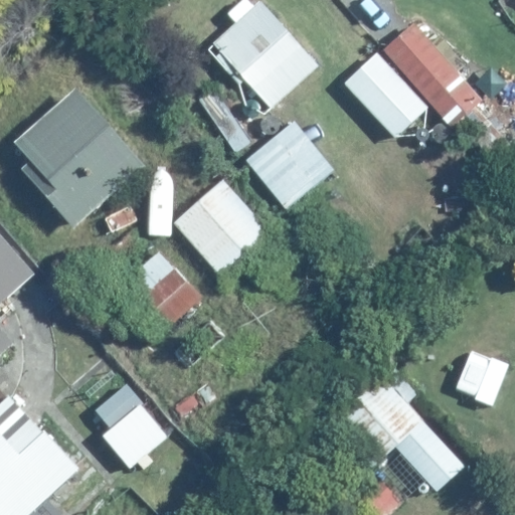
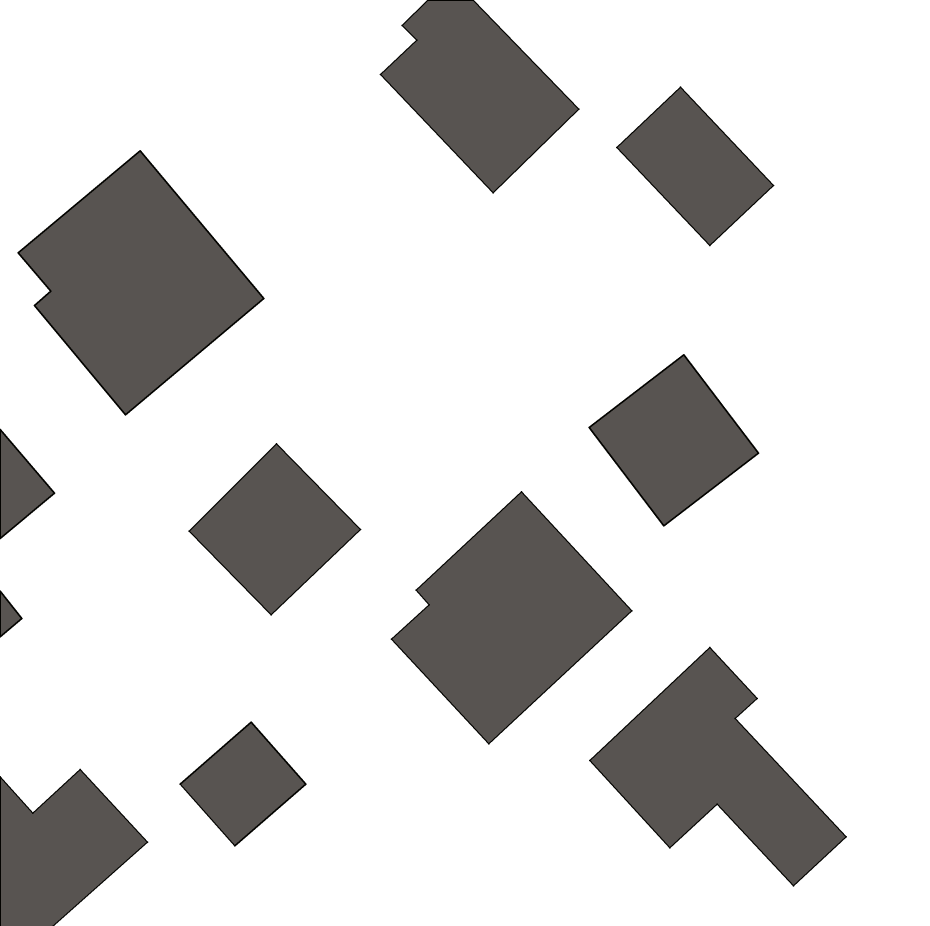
building: [385,22,463,118] -> none
building: [244,117,338,211] -> [589,355,758,526]
building: [172,188,258,276] -> none
building: none -> [391,492,632,744]

